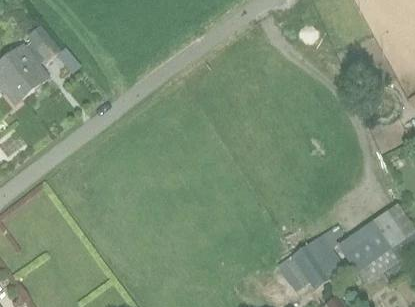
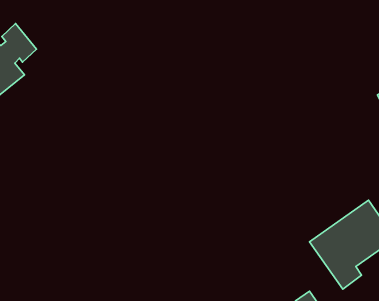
building: [278,223,348,292] -> none

